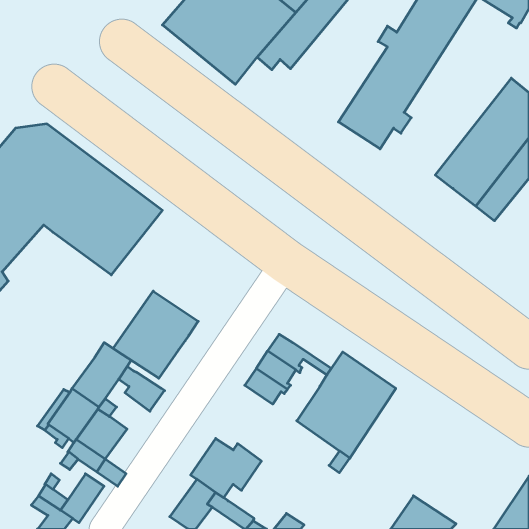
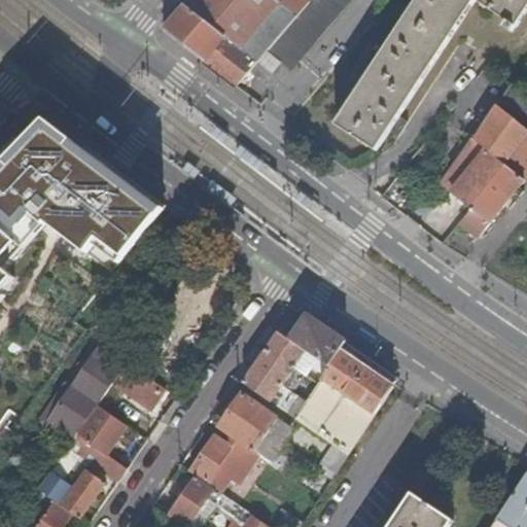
building: [113,291,198,378] -> none
building: none -> [289,313,345,364]
building: none -> [218,391,293,465]

